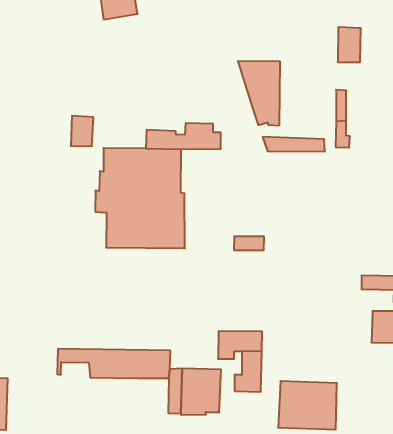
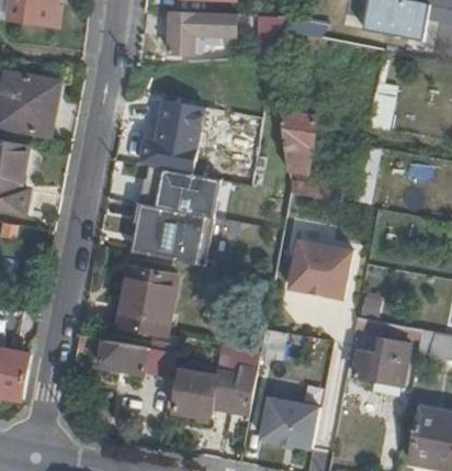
building: none -> [140,102,205,168]
building: none -> [290,239,351,298]
building: none -> [116,269,178,336]

